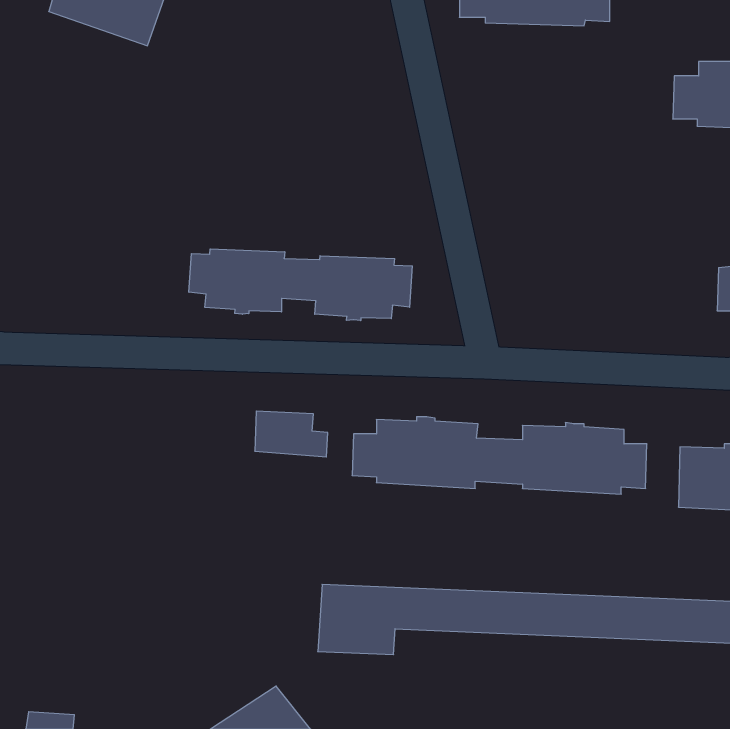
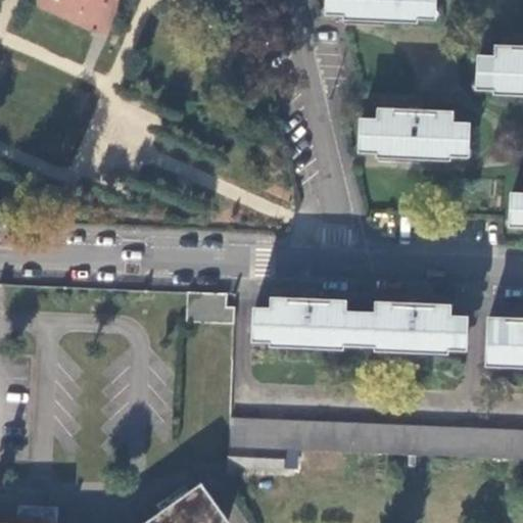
building: none -> [363,106,471,157]
building: [189,249,412,321] -> none

